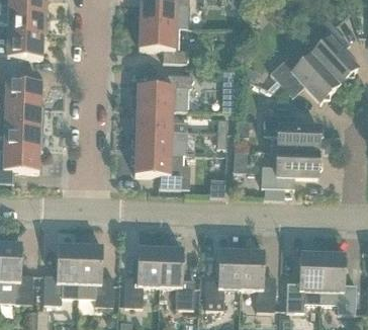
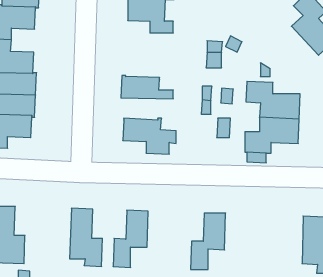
building: [269,55,338,102] -> none
building: [136,73,191,110] -> none
building: [131,130,186,153] -> none
building: [42,245,80,304] -> none
building: [159,248,194,308] -> none
building: [240,250,275,311] -> none
building: [285,252,321,312] -> none

